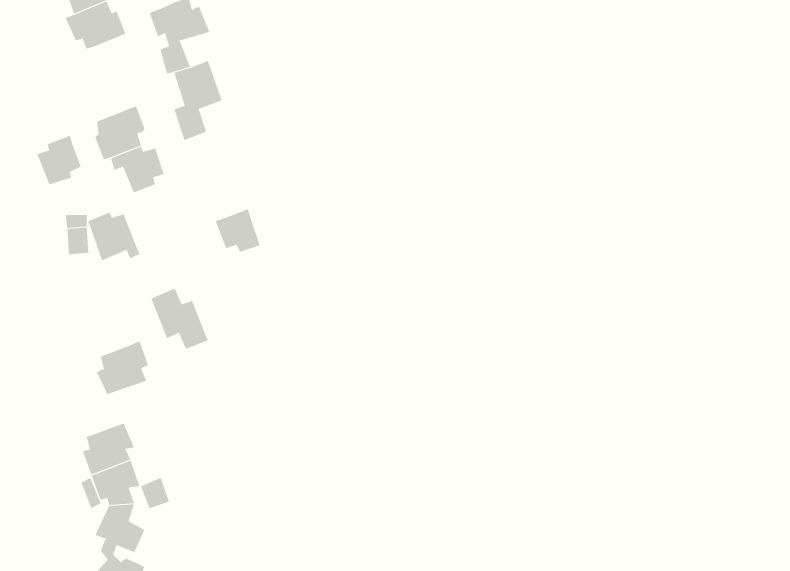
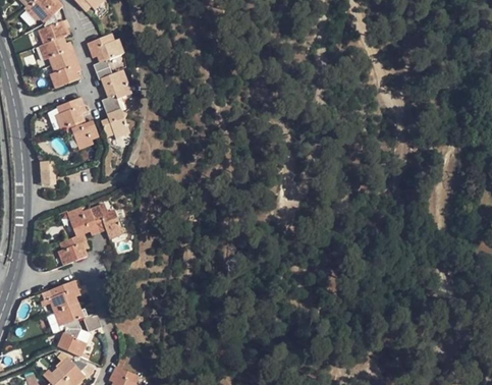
building: none -> [51,55,81,88]
building: [37,135,81,185] -> none
building: [215,209,261,252] -> [103,112,129,138]
building: [87,212,140,261] -> [68,208,99,236]

